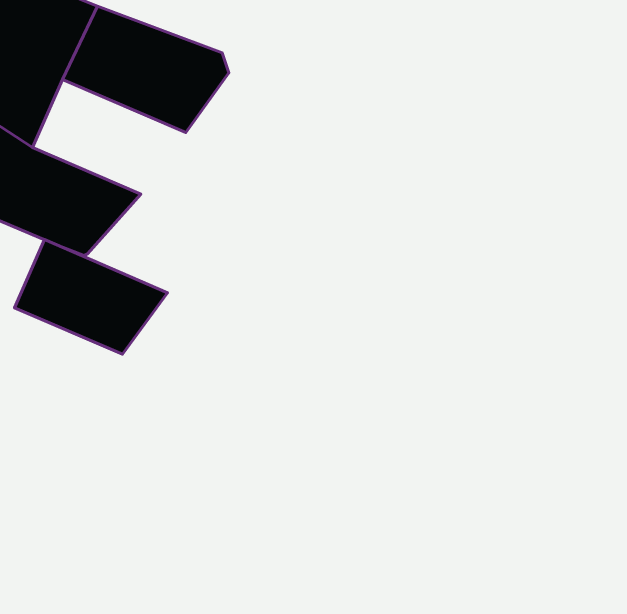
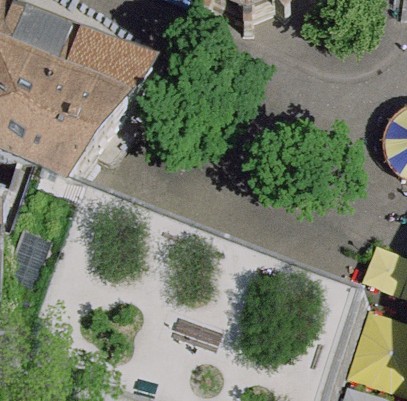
building: [15,240,168,354] -> [22,76,114,145]

